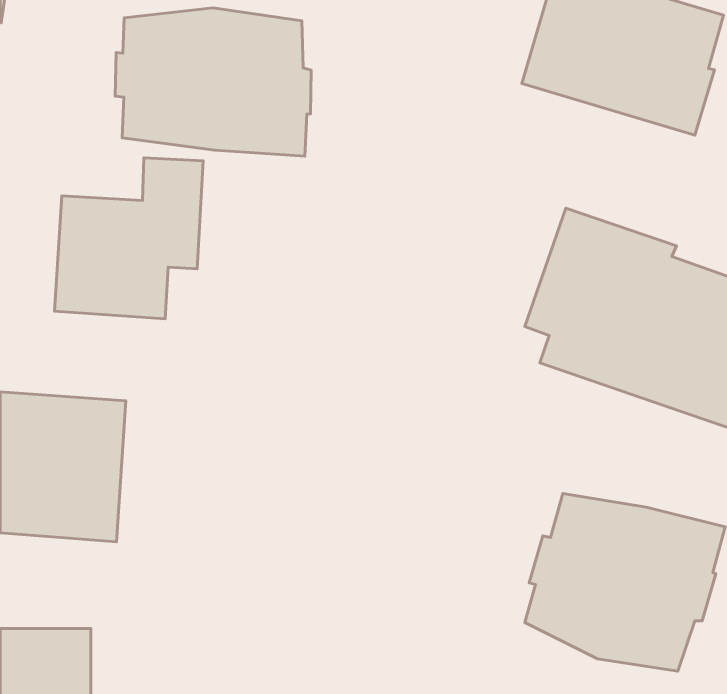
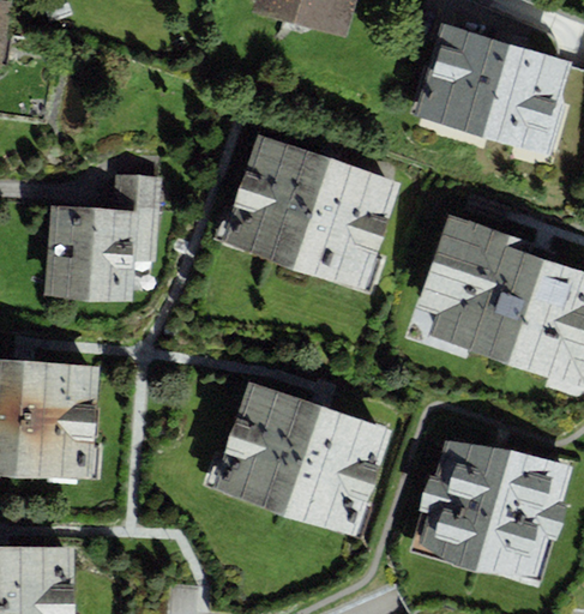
building: [115,8,311,156] -> none
building: none -> [222,134,399,290]
building: none -> [211,380,391,536]

